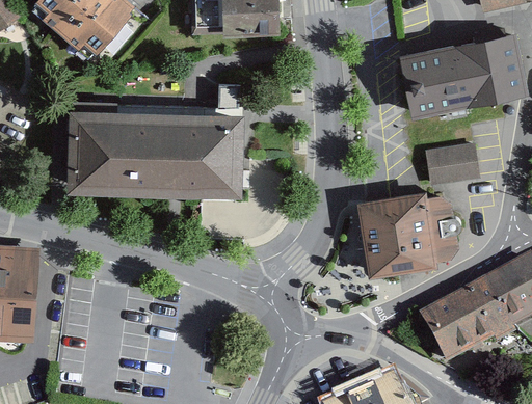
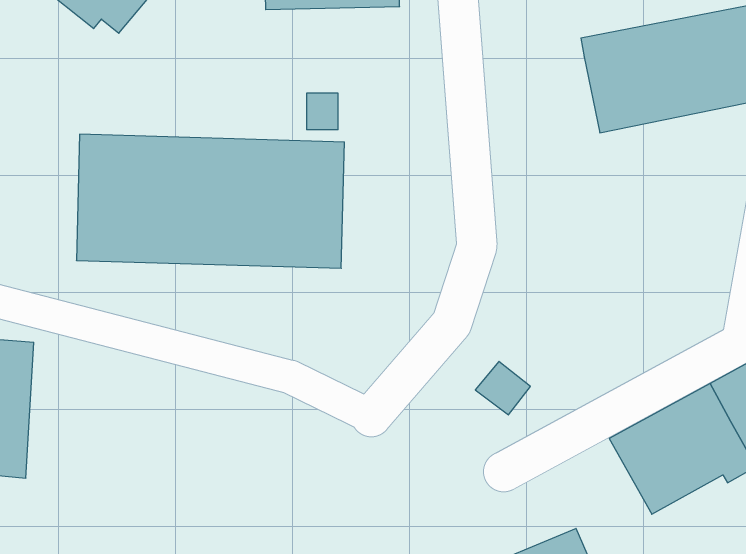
building: [424,144,479,187] -> none
building: [358,192,463,278] -> none

